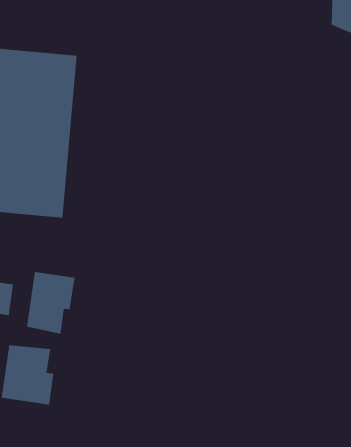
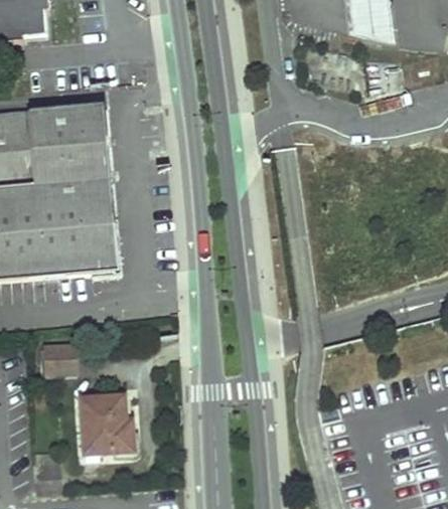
building: [26,271,75,334] -> none

